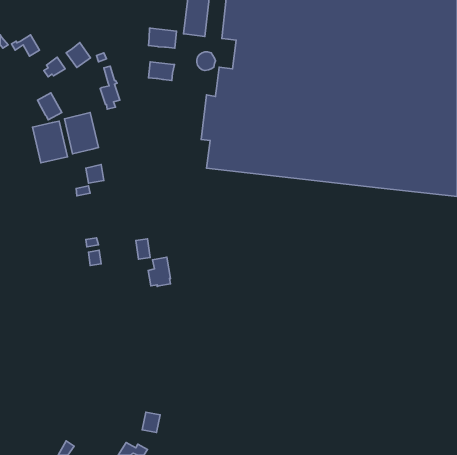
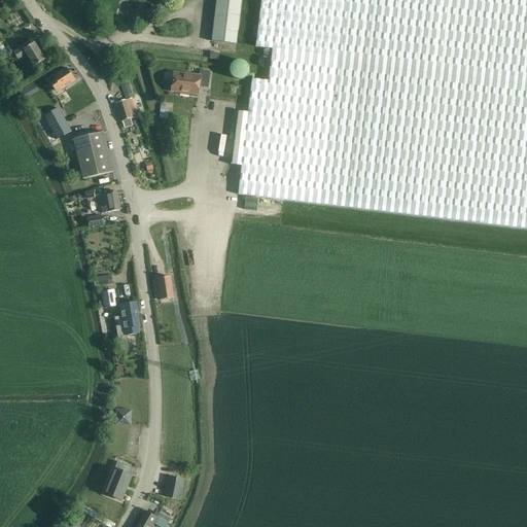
building: [149,28,177,48] -> none
building: [66,43,91,68] -> none
building: [33,121,67,163] -> none
building: [148,257,170,287] -> [114,301,140,335]
building: none -> [104,460,132,498]

